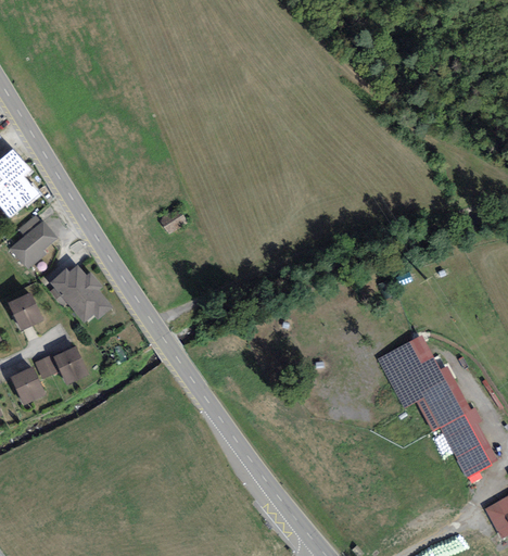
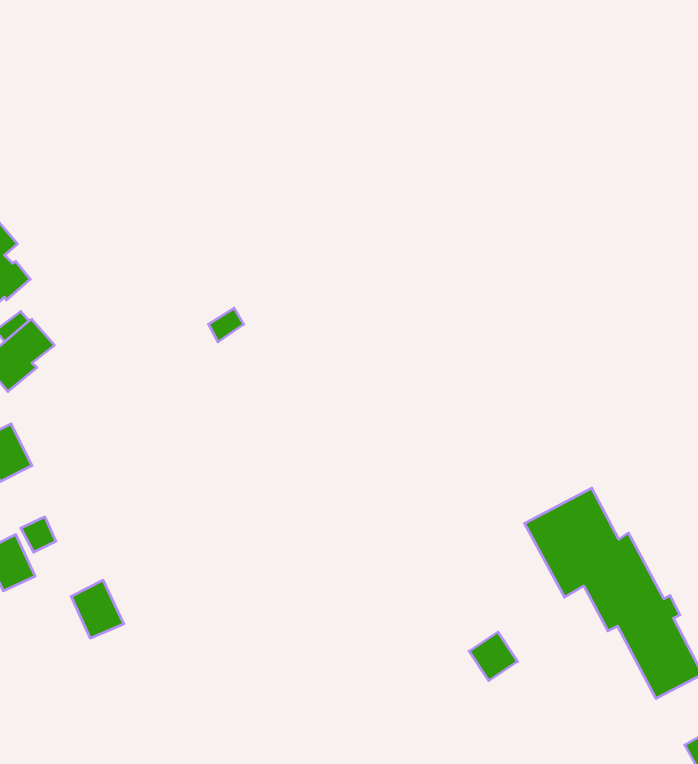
building: [51,265,113,321] -> none
building: [53,345,89,384] -> [71,580,124,638]
building: none -> [469,632,518,681]

